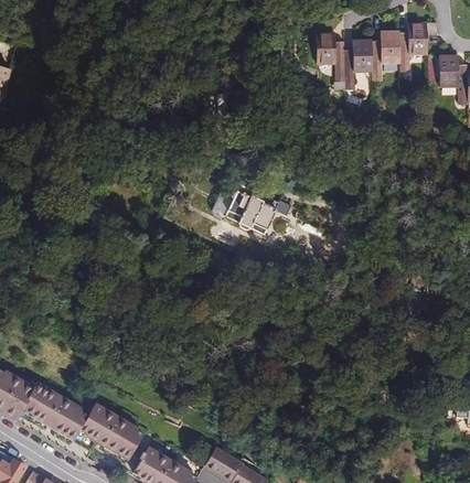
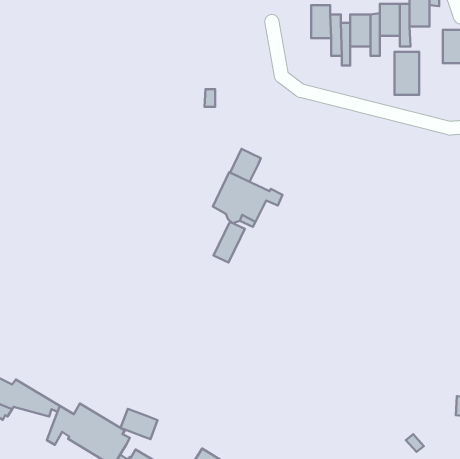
building: none -> [394,52,419,95]
building: none -> [230,149,261,182]
building: none -> [214,222,245,263]
building: [33,407,77,438] -> none
building: none -> [121,409,158,439]

